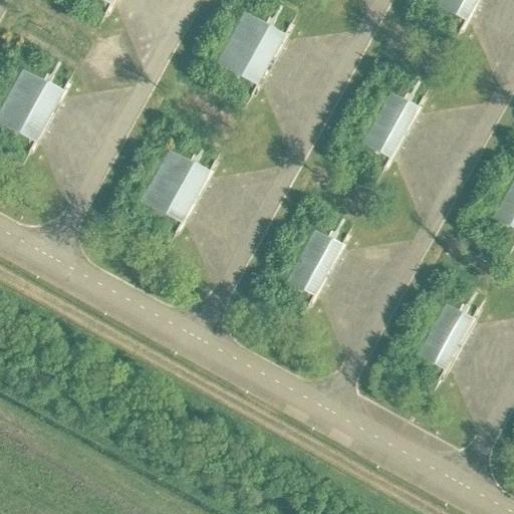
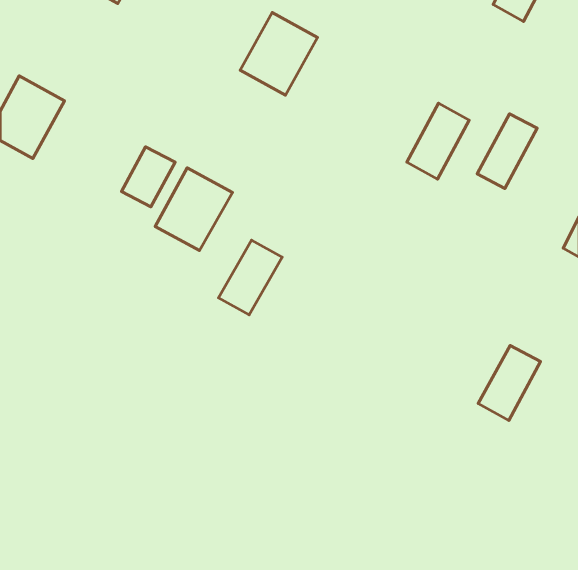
building: none -> [477,114,537,188]
building: none -> [122,147,175,207]
building: [285,230,341,296] -> [219,240,282,315]

